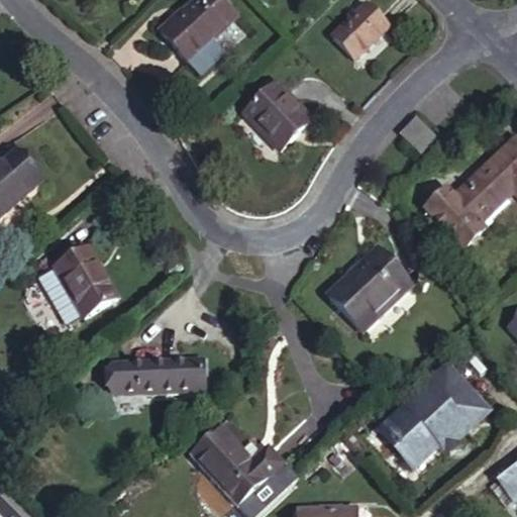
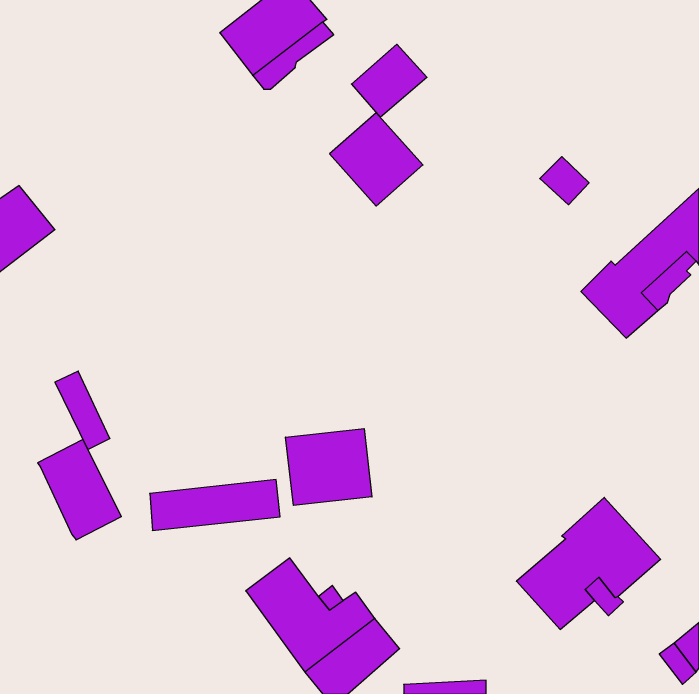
building: [332,9,388,63] -> [351,44,427,117]
building: [329,249,412,331] -> none
building: [56,252,117,326] -> [38,440,121,540]
building: none -> [286,429,372,505]

